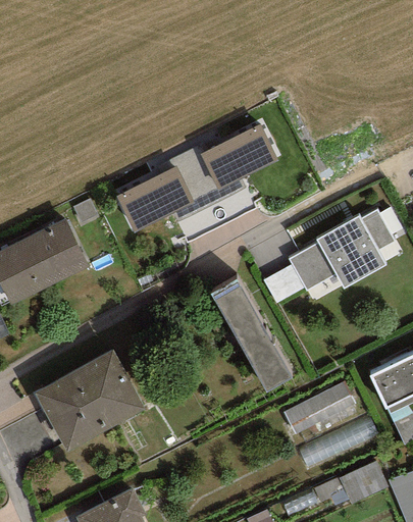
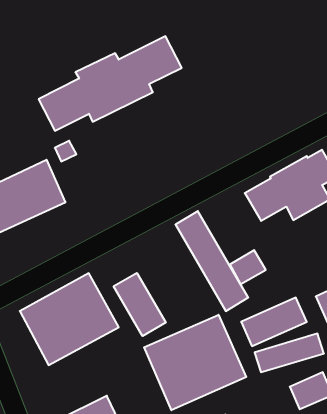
building: [116,125,278,232] -> [39,36,182,131]
building: [264,263,305,302] -> [230,250,266,284]
building: none -> [114,273,166,336]
building: none -> [144,315,246,410]

